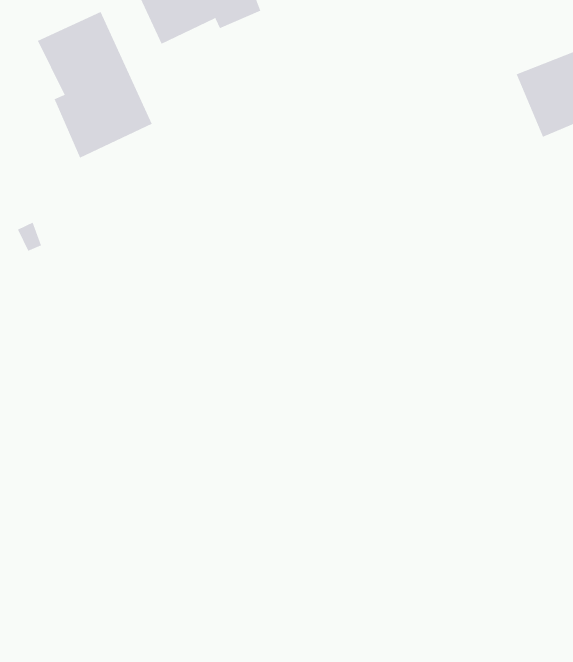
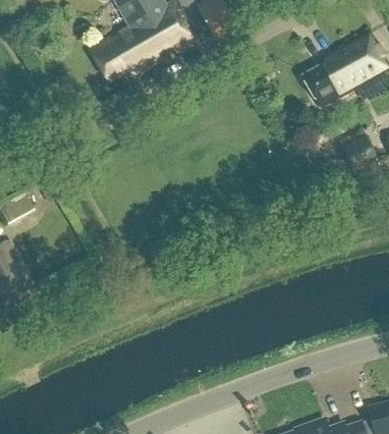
building: [37,11,152,159] -> none

